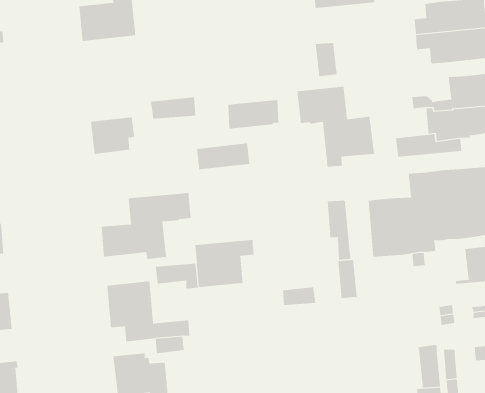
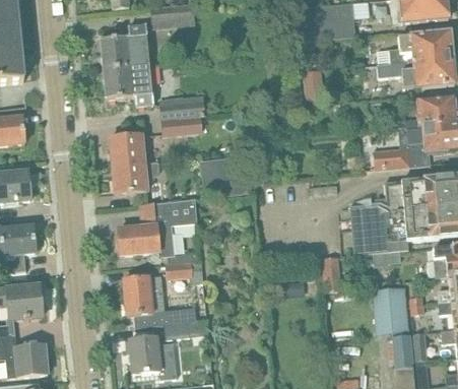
building: none -> [103,63,153,105]
building: [297,86,375,167] -> none
building: [227,100,279,129] -> [160,94,205,120]
building: none -> [113,160,159,193]
building: [327,200,351,261] -> none
building: [195,239,254,288] -> none
building: none -> [374,287,409,332]

